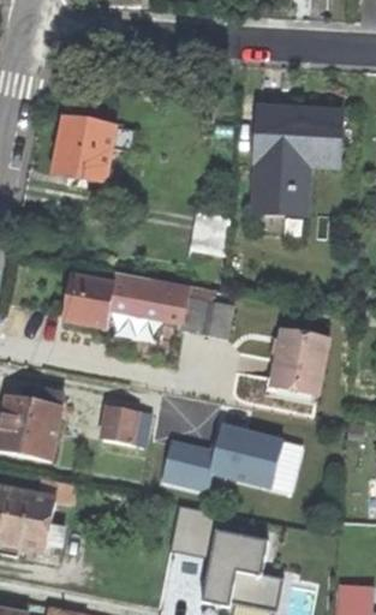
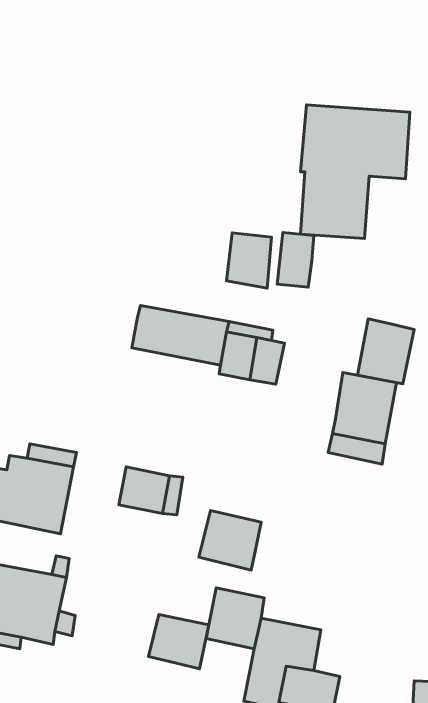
building: [48,115,131,183] -> none
building: none -> [277,232,314,287]
building: [65,274,115,328] -> none
building: none -> [358,319,414,384]
building: [213,426,284,488] -> none
building: none -> [149,614,209,669]

